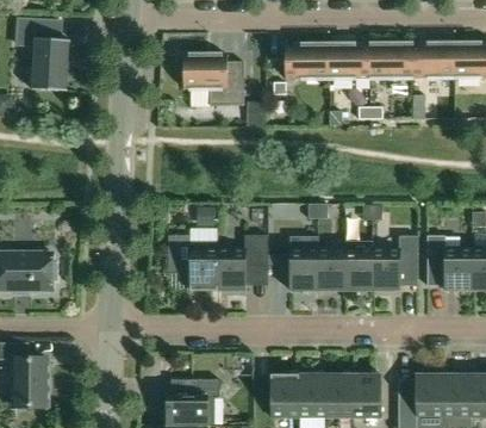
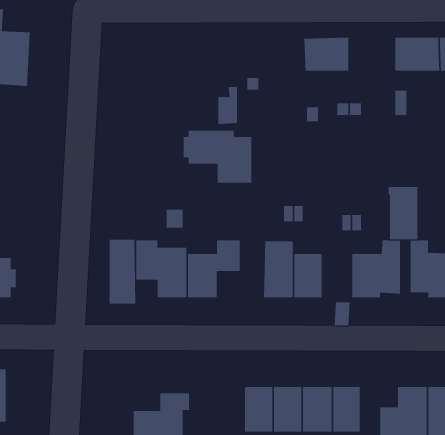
building: [369,44,412,76] -> none
building: [285,45,328,77] -> none
building: [177,55,243,105] -> [183,130,252,183]
building: none -> [109,239,136,305]
building: [343,240,372,290] -> [388,187,418,240]

